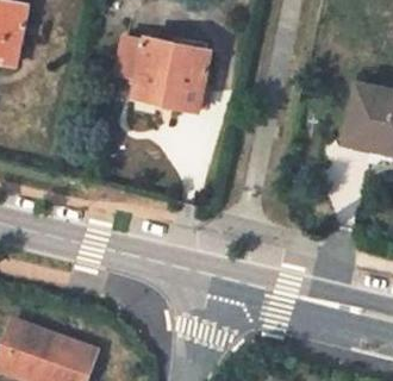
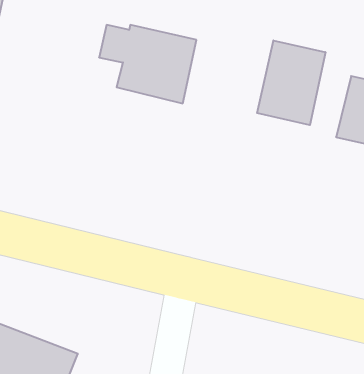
building: none -> [257,40,325,125]

